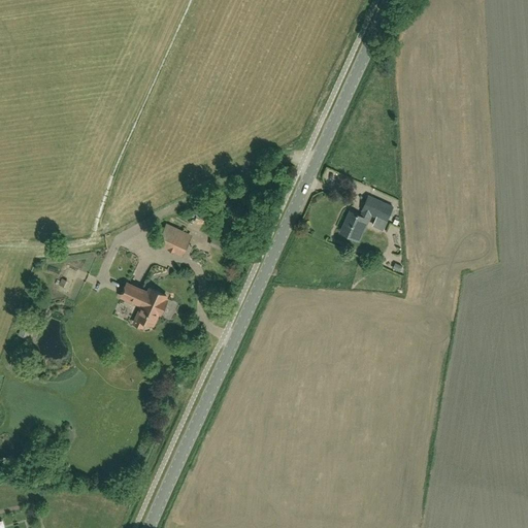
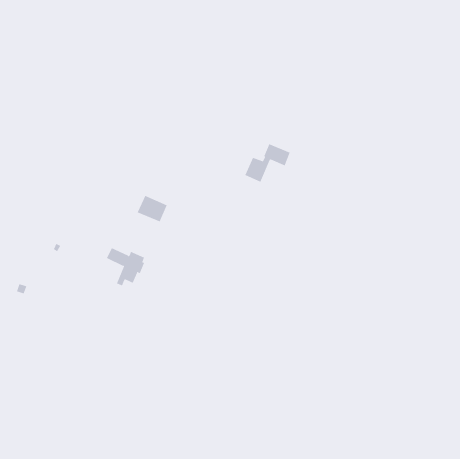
building: [340,197,393,241] -> [245,144,290,182]

